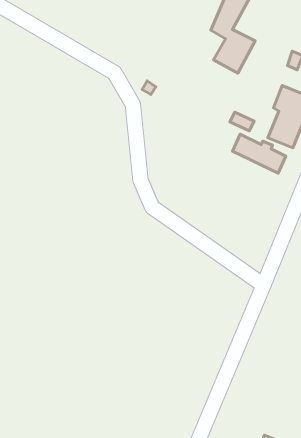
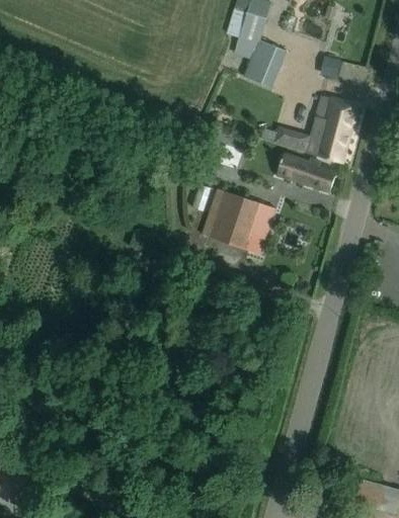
building: none -> [202,188,263,249]

